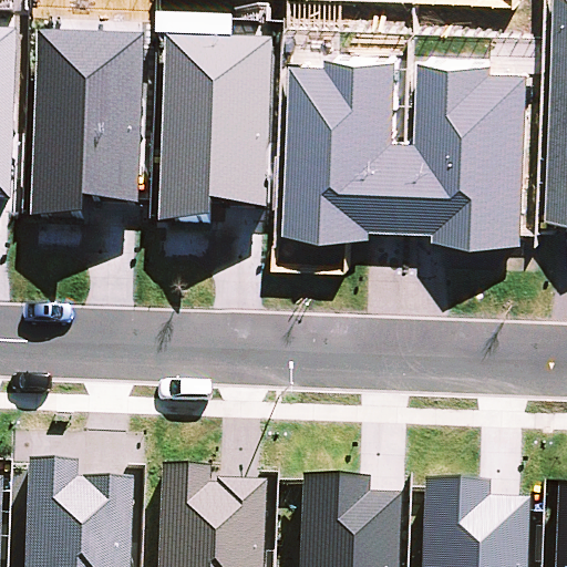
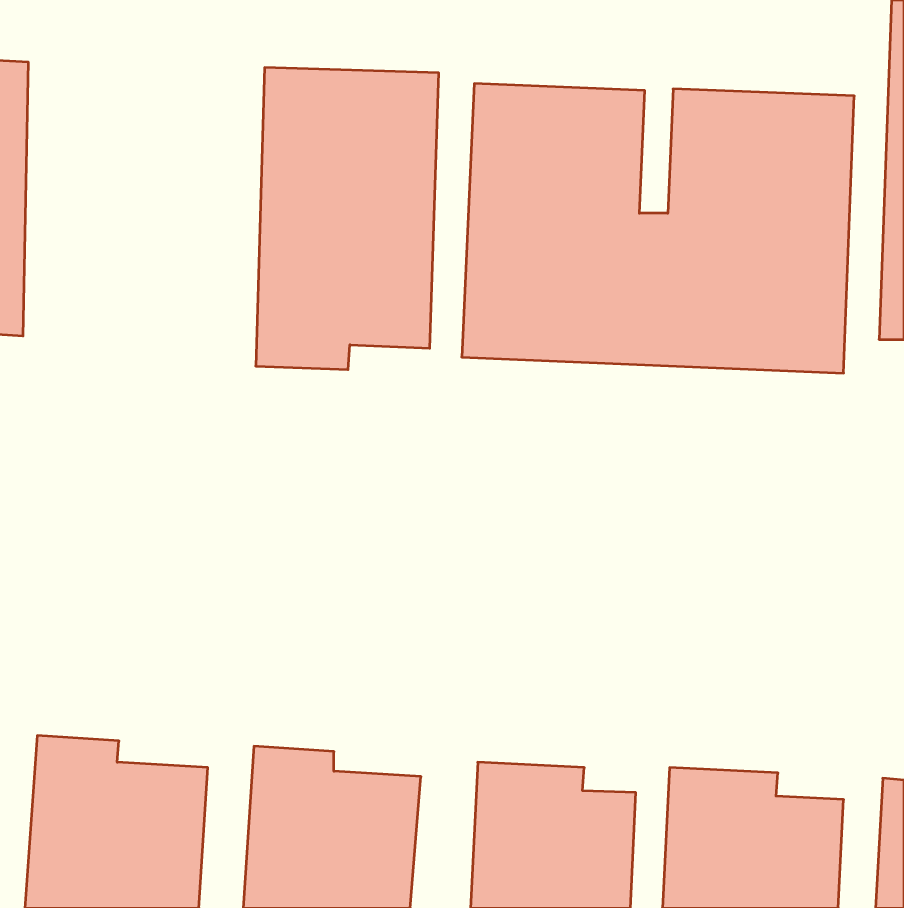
building: [32,39,145,229] -> none

